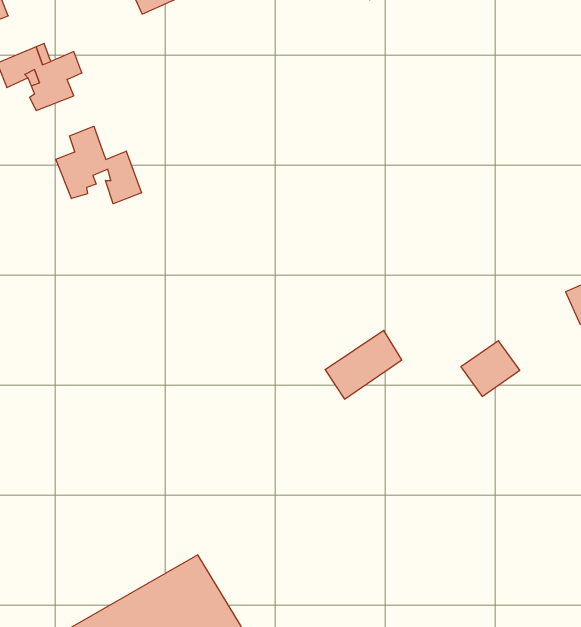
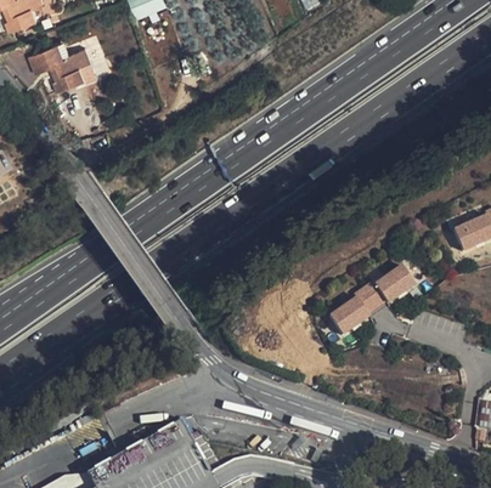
building: [56,126,141,204] -> none
building: [325,330,402,399] -> [327,283,384,334]

